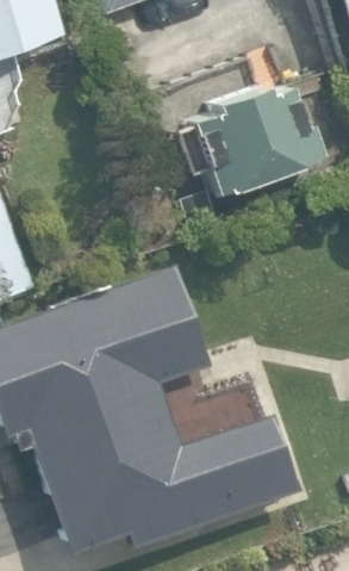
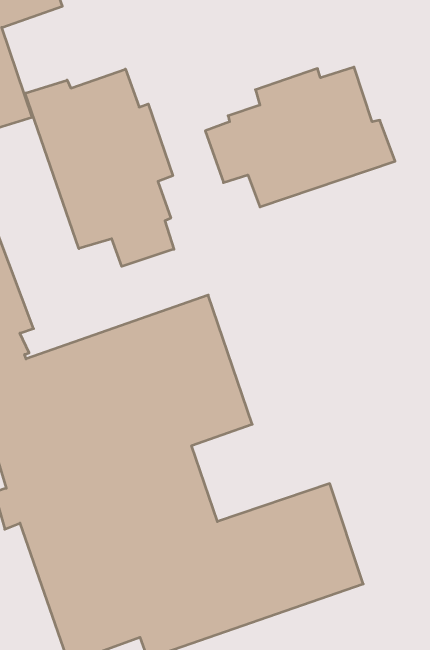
building: none -> [25,69,174,266]

